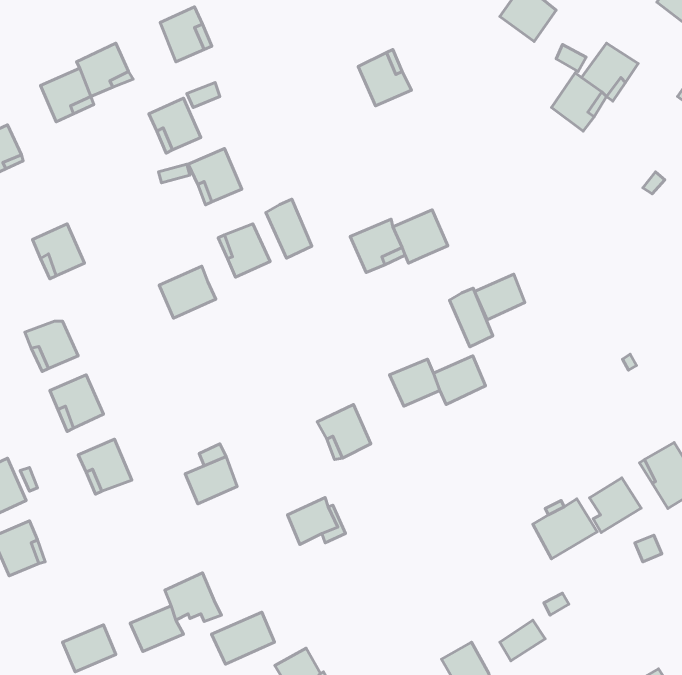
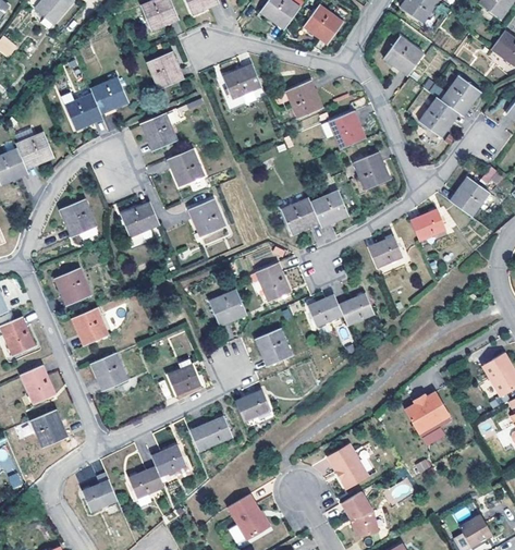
building: none -> [221,65,260,99]
building: none -> [321,112,365,149]
building: none -> [352,152,388,191]
building: none -> [450,179,490,219]
building: [266,199,312,258] -> none
building: none -> [408,208,443,240]
building: [159,266,216,318] -> [120,203,159,239]
building: [449,288,493,347] -> none
building: none -> [256,261,291,301]
building: none -> [210,289,247,326]
building: [590,478,641,533] -> none
building: none -> [328,443,370,490]
building: [211,612,274,664] -> [189,416,233,452]

